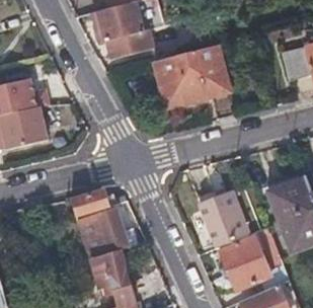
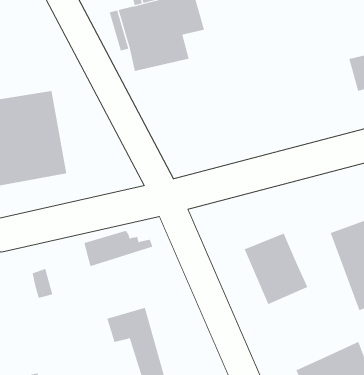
building: [153,44,229,108] -> none
building: [76,211,140,259] -> none
building: [218,225,290,291] -> none

